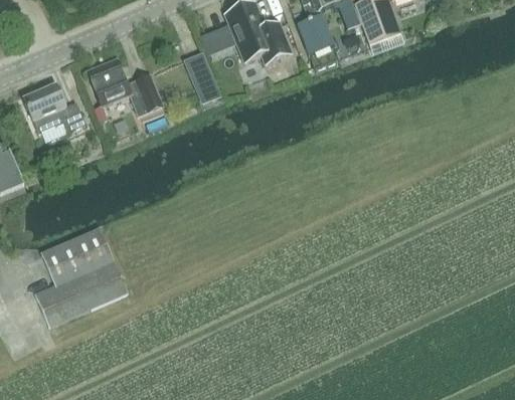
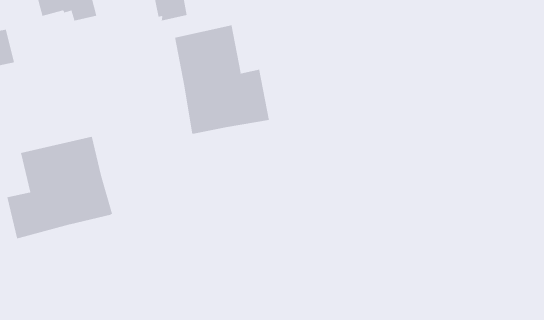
building: none -> [174,24,269,135]

